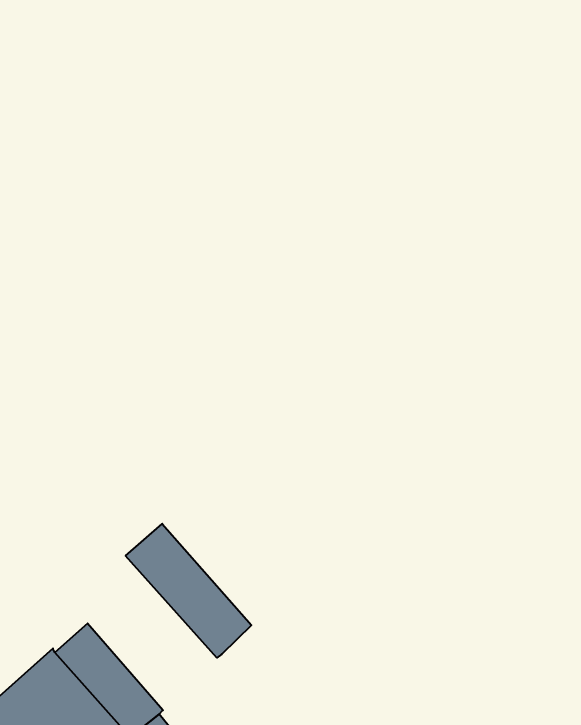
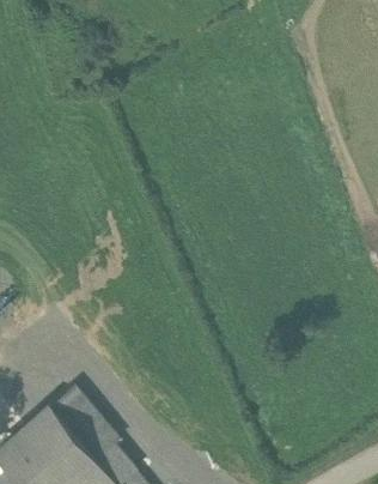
building: [126,524,251,658] -> none

